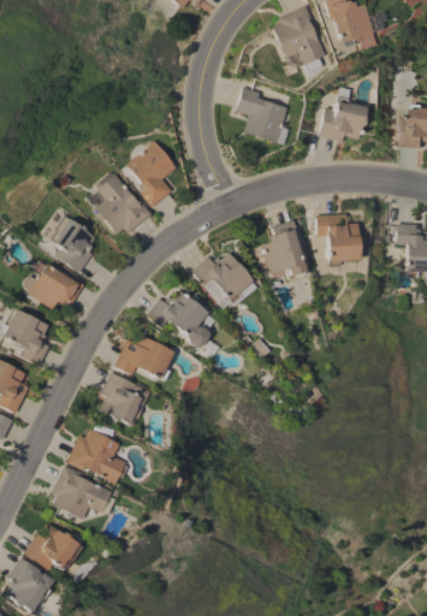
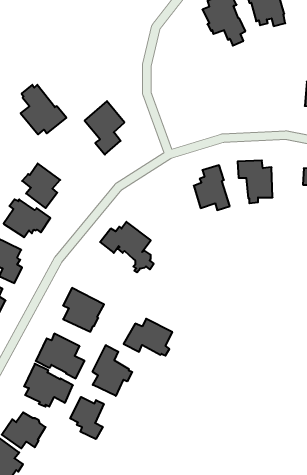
building: [236,87,287,142] -> none
building: [319,96,366,142] -> none
building: [95,173,152,235] -> [21,85,66,134]
building: [191,253,257,307] -> none
building: [113,334,173,380] -> [124,319,172,356]
building: none -> [93,345,132,396]
building: none -> [70,397,104,439]

